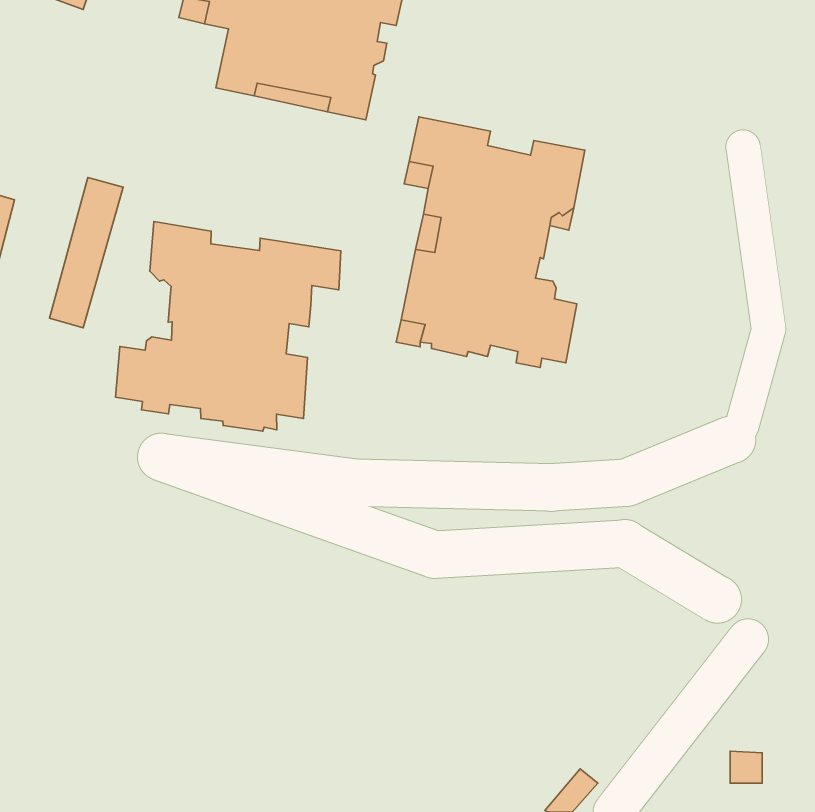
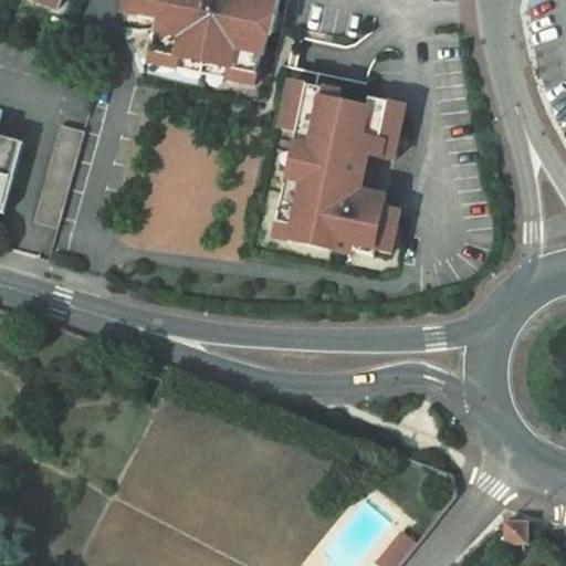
building: [115,222,341,431] -> none

